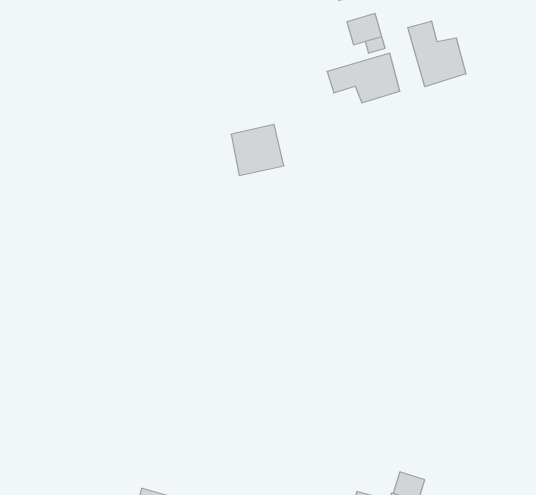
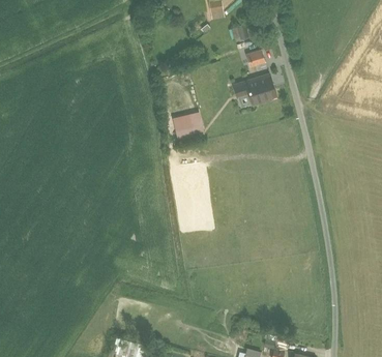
building: [408,21,466,87] -> none

